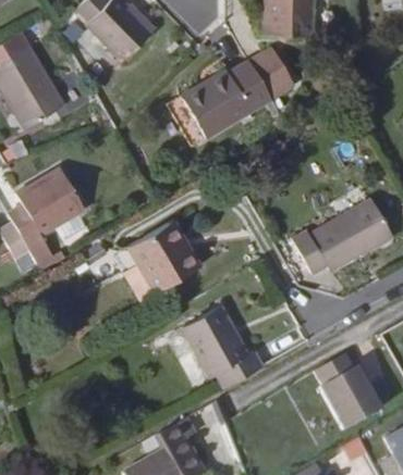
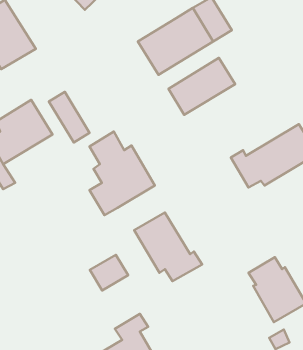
building: none -> [168,58,235,115]
building: none -> [49,92,90,143]
building: none -> [90,255,128,290]

